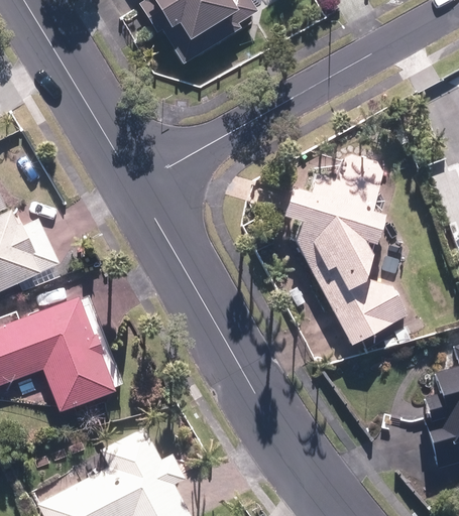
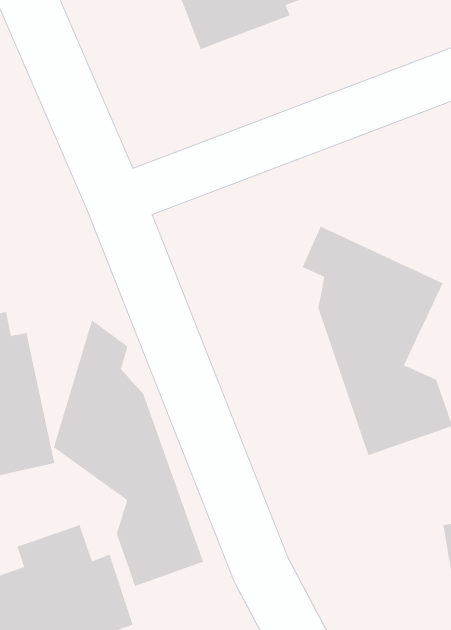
building: none -> [53,319,204,587]

